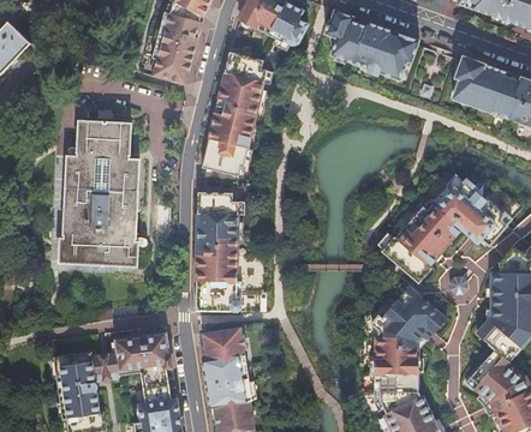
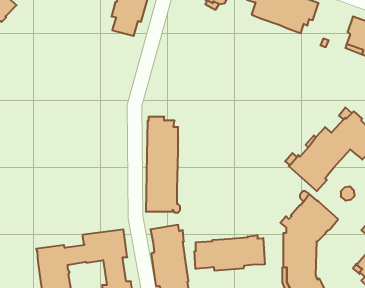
building: [202,47,267,174] -> none
building: [60,120,141,265] -> none
building: none -> [194,235,265,271]

